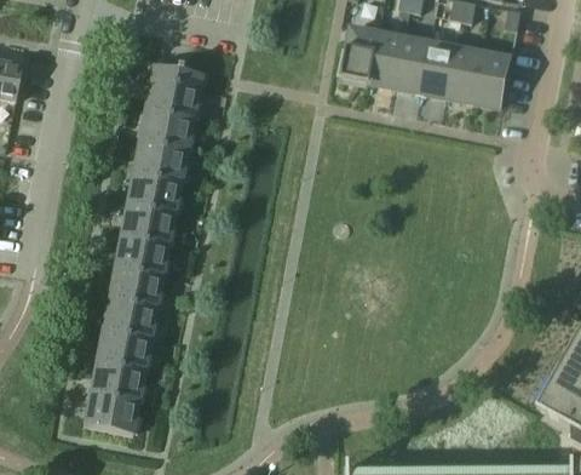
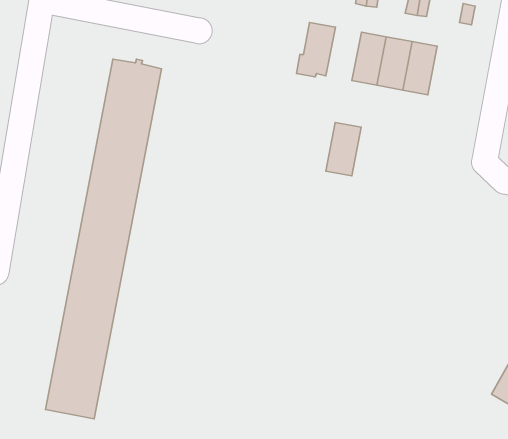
building: [369,30,405,85] -> [326,123,361,176]
building: [473,50,510,104] -> none

